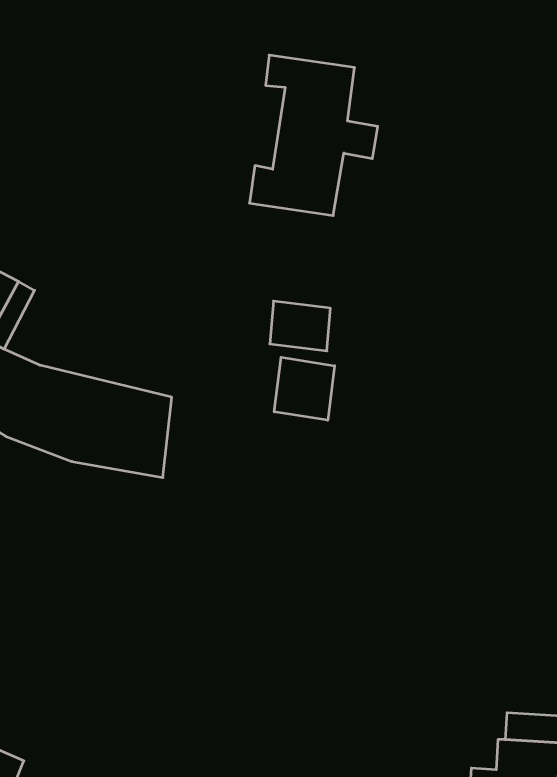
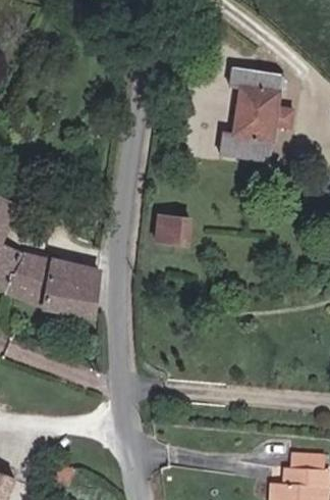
building: [249,55,378,216] -> [220,68,293,160]
building: [274,357,335,420] -> none

